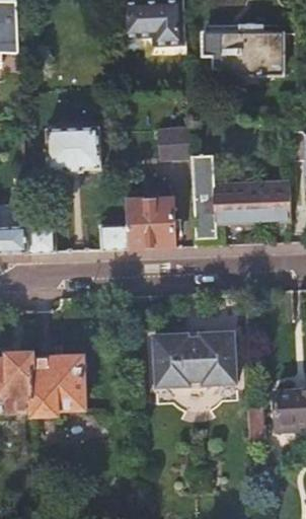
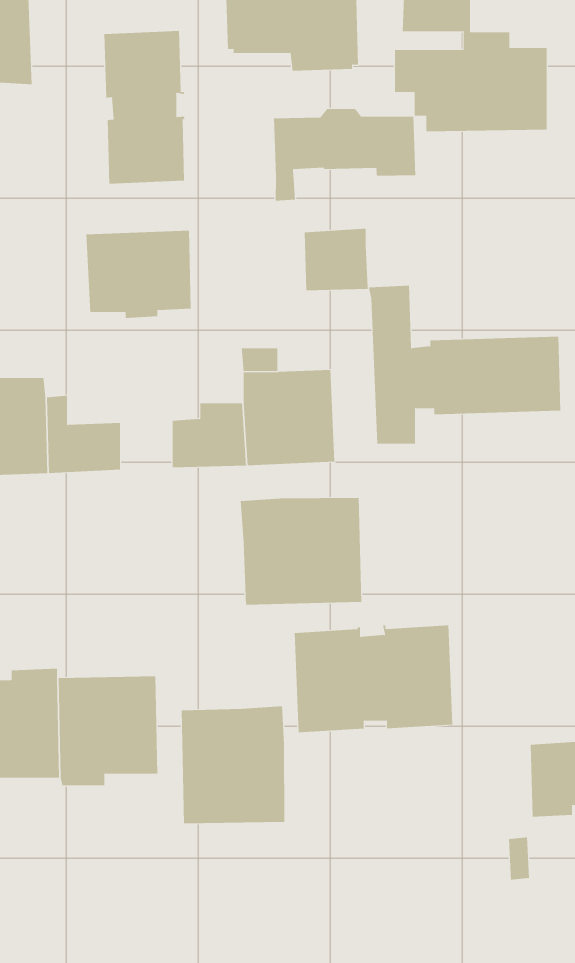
building: none -> [104,30,185,185]
building: none -> [273,108,416,201]
building: none -> [240,497,362,606]
building: none -> [181,706,285,824]

